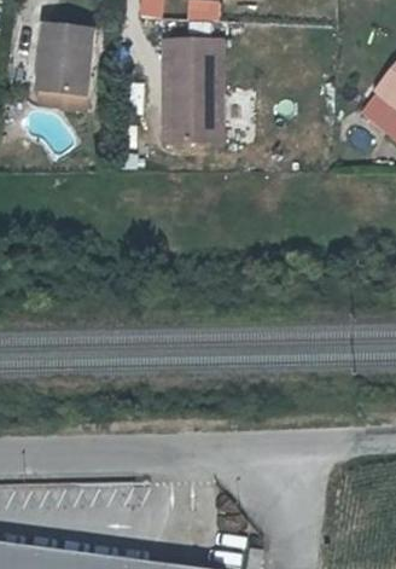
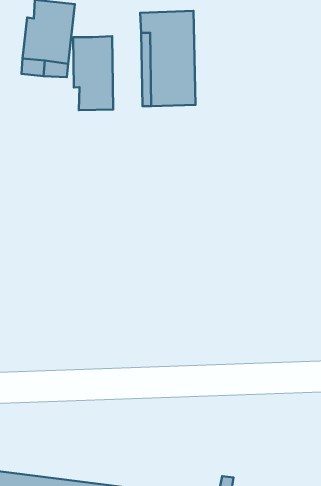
building: none -> [73,36,113,110]

